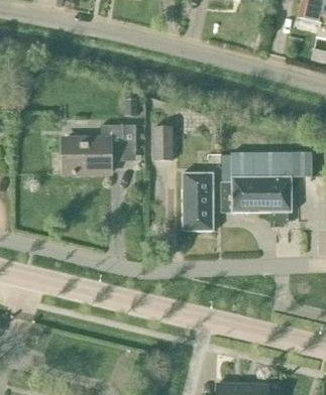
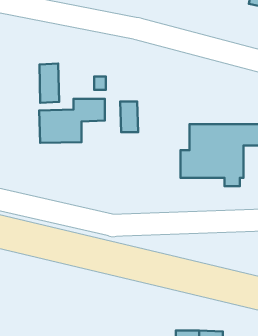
building: none -> [39,63,59,103]
building: [182,172,214,231] -> none

